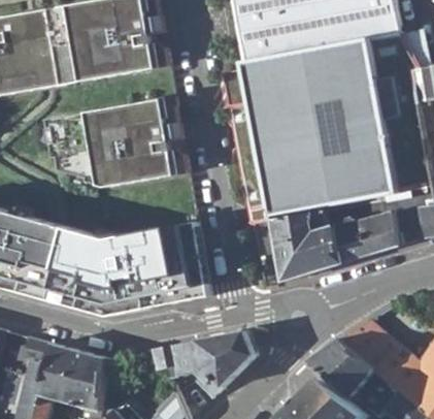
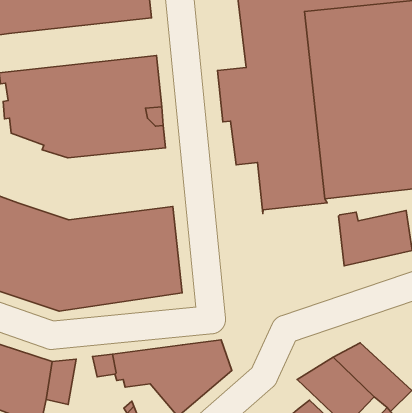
building: [269,208,339,279] -> none

